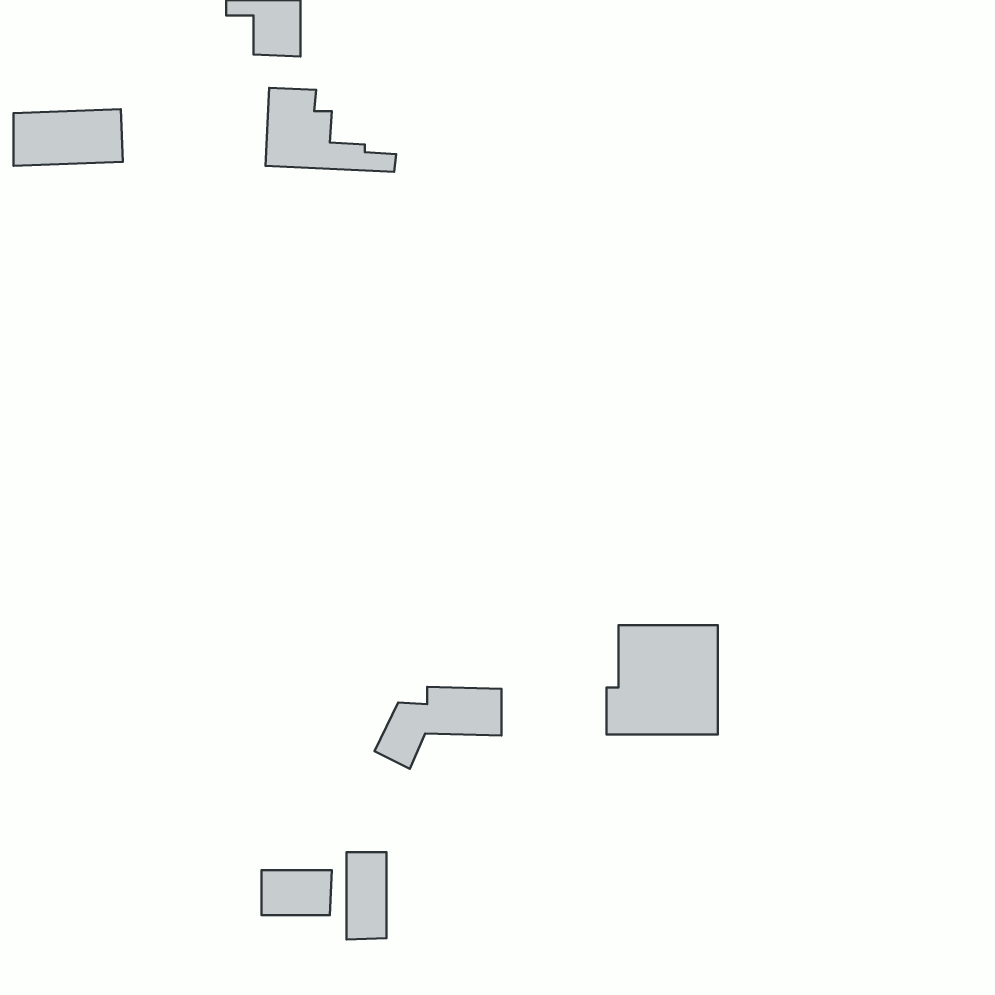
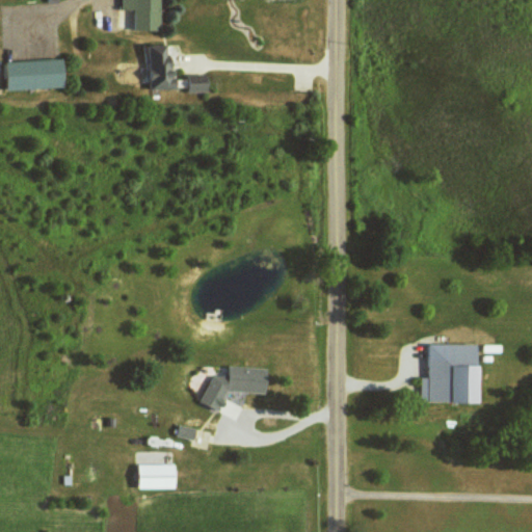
building: [607,625,718,734] -> [421,344,480,402]
building: [347,852,387,940] -> none

